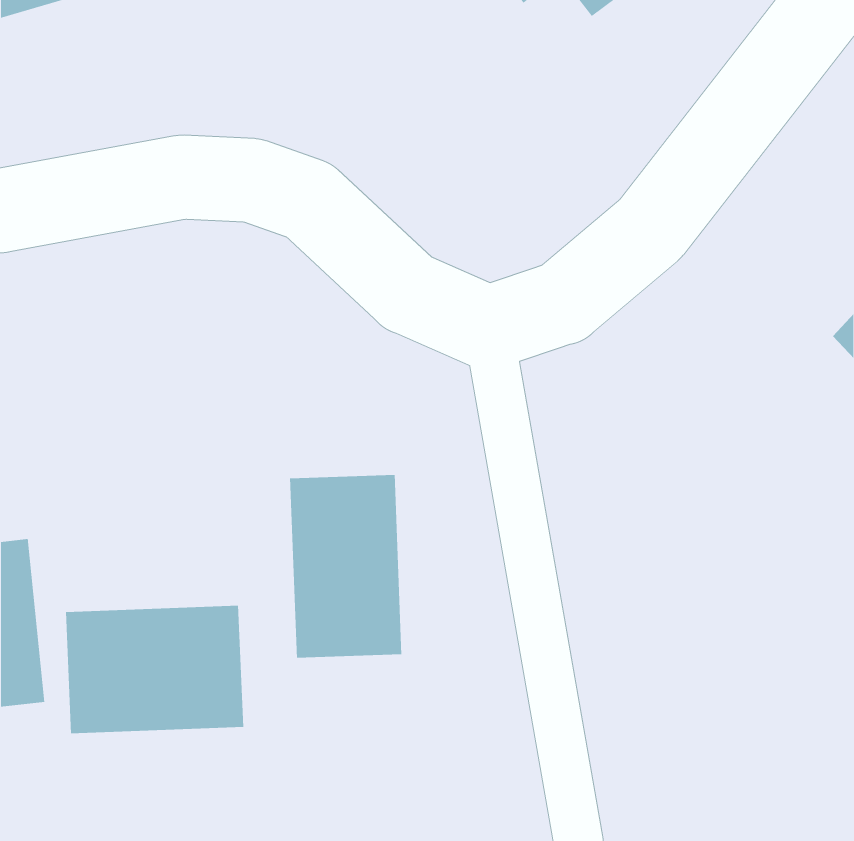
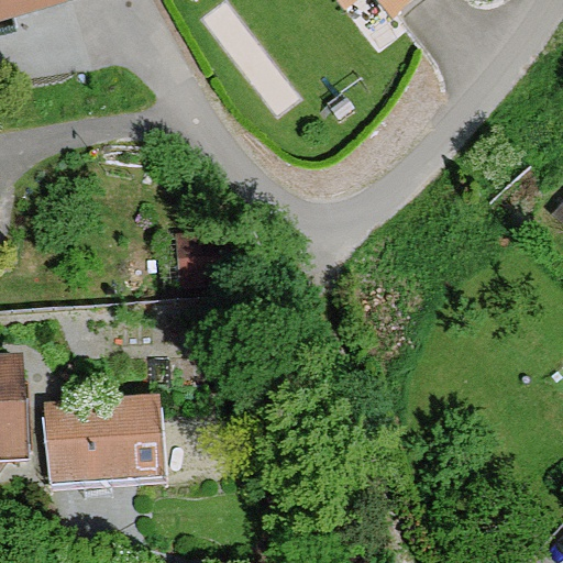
building: [290,474,402,659] -> none

